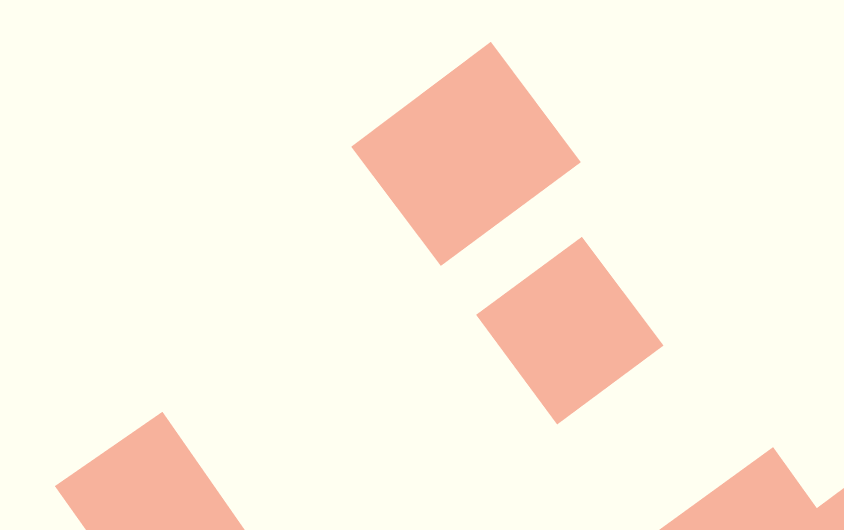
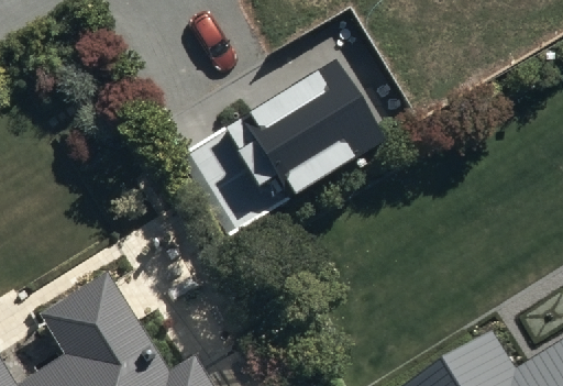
building: [475,236,665,426] -> none

